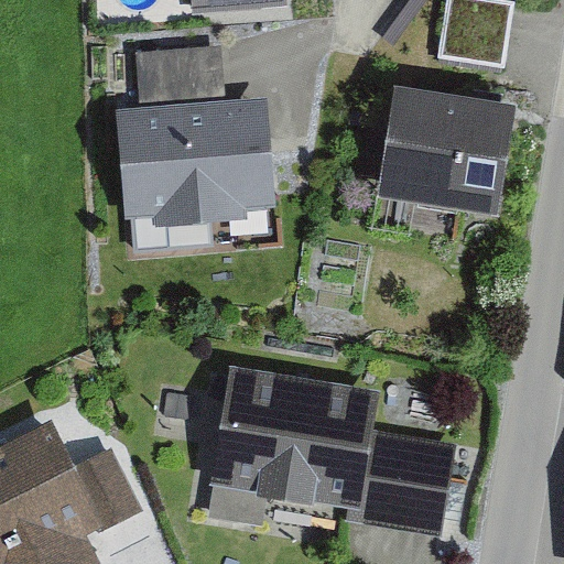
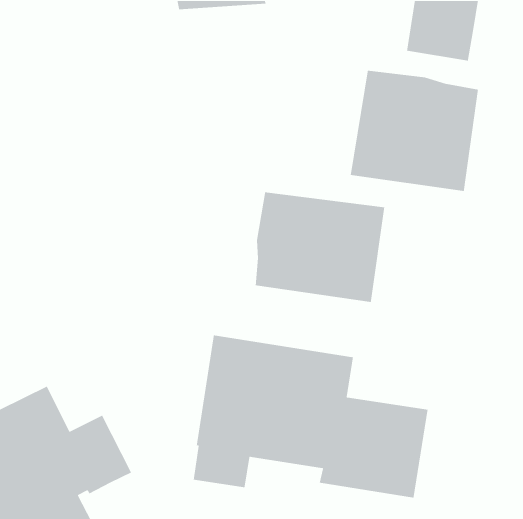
building: [115,47,275,228] -> none
building: none -> [255,191,385,303]

